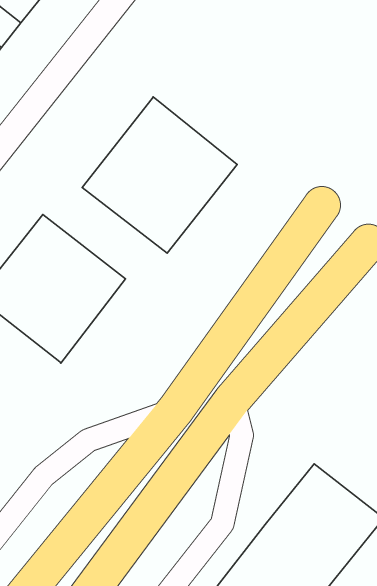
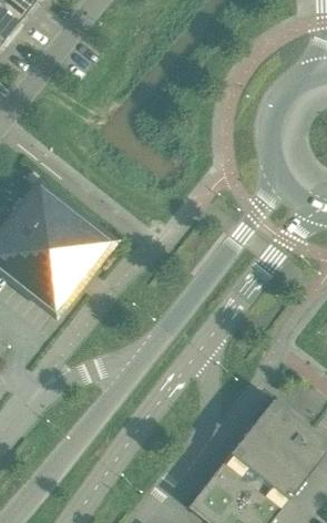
building: [82,97,237,253] -> none

